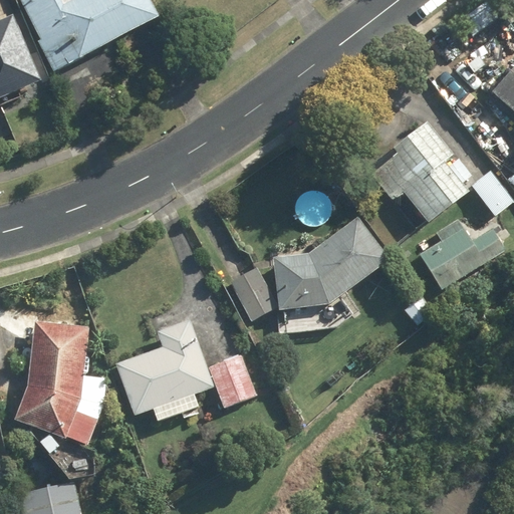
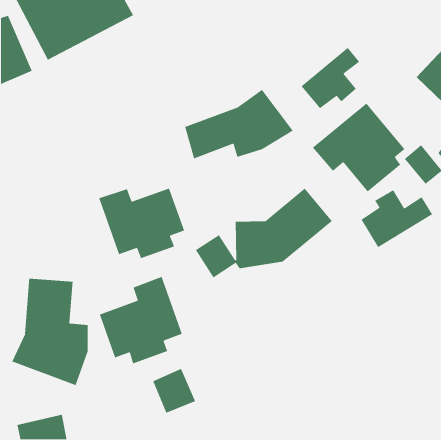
building: none -> [301,47,360,109]
building: none -> [184,89,294,159]
building: none -> [98,188,185,259]
building: [210,351,261,405] -> [152,368,196,414]

